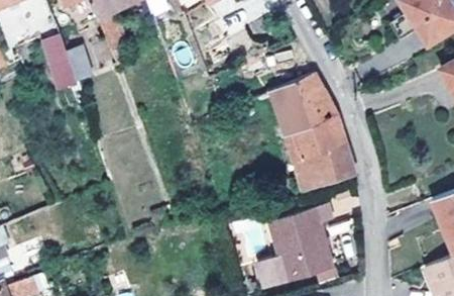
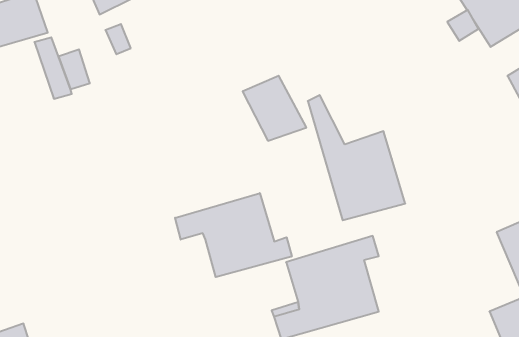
building: [283,72,337,126] -> [243,76,306,141]
building: none -> [175,193,292,277]

